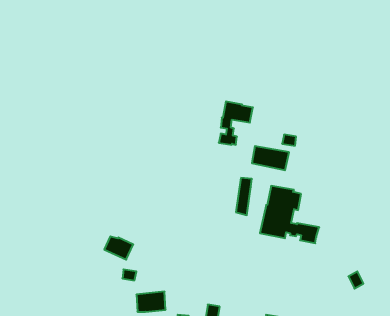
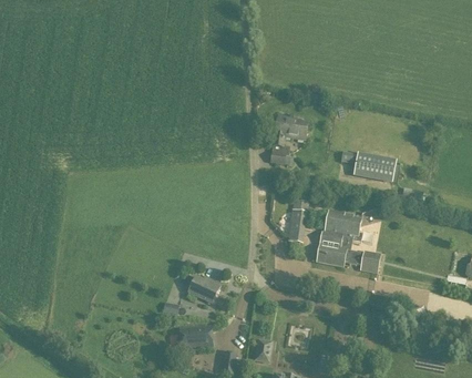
building: [252,146,289,170] -> [360,155,401,182]
building: [104,236,133,260] -> [187,277,219,303]

